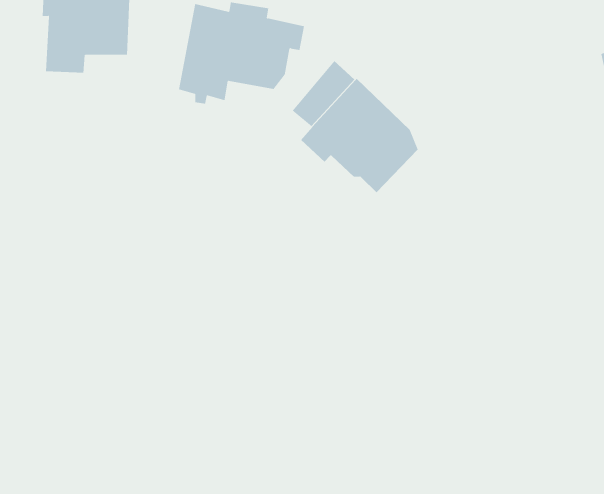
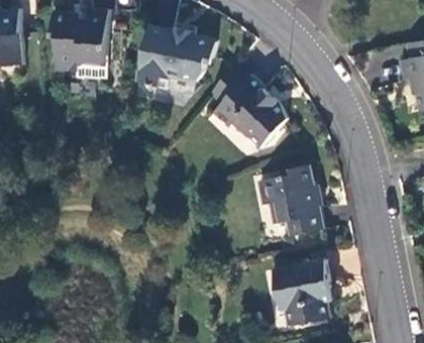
building: none -> [258,164,321,234]
building: none -> [273,260,331,326]

